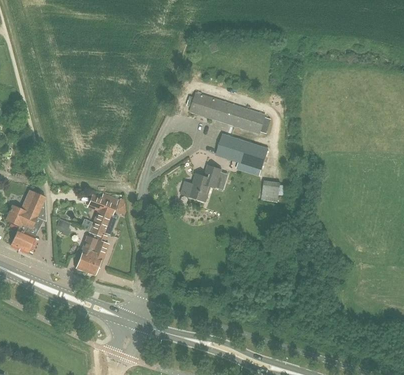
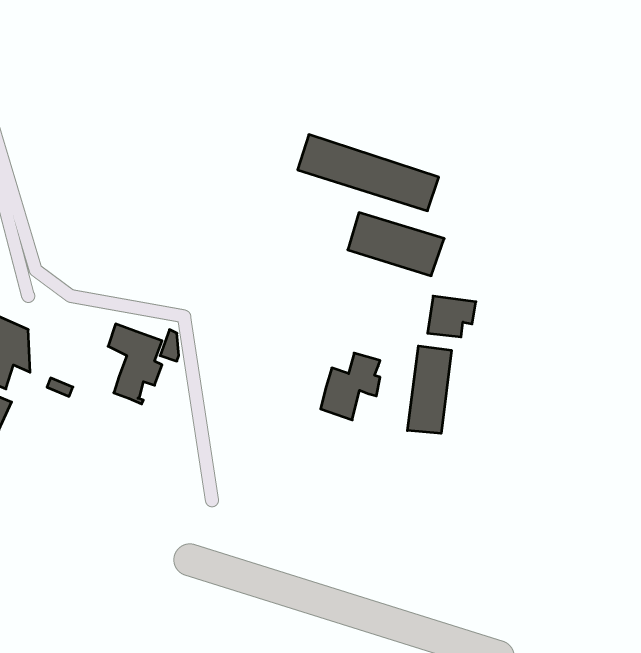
building: [189,165,221,201] -> [321,353,380,420]
building: none -> [407,346,451,433]
building: [76,234,118,275] -> none

